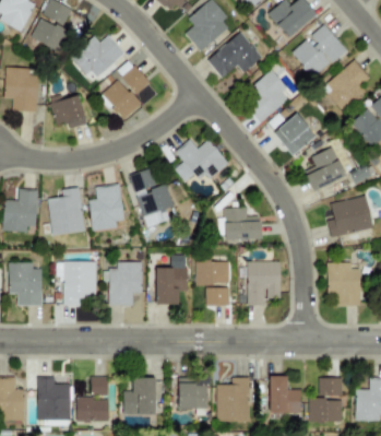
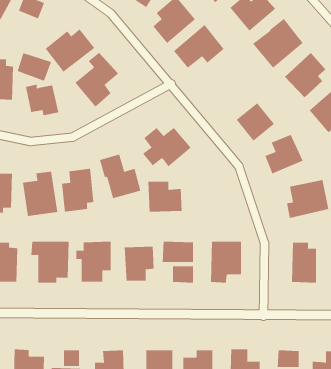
building: [32,19,69,49] -> [17,53,52,81]
building: [247,71,291,122] -> none
building: [224,208,261,240] -> [148,181,183,212]

